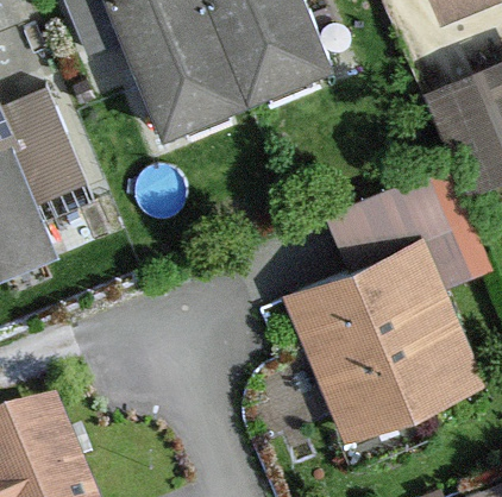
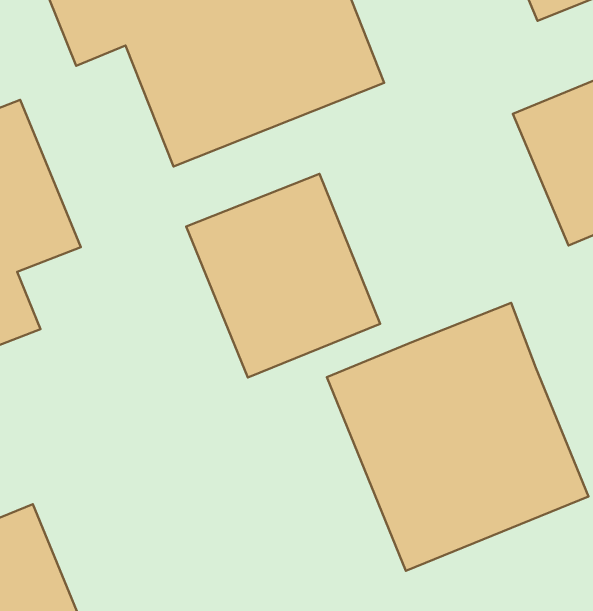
building: none -> [186,174,380,378]

